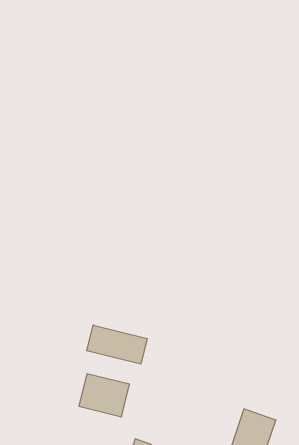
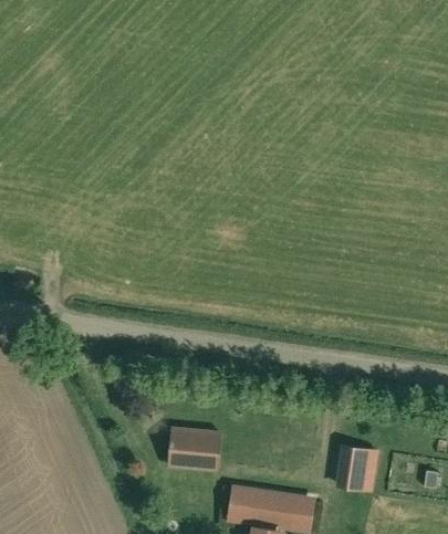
building: [87,325,147,364] -> none

